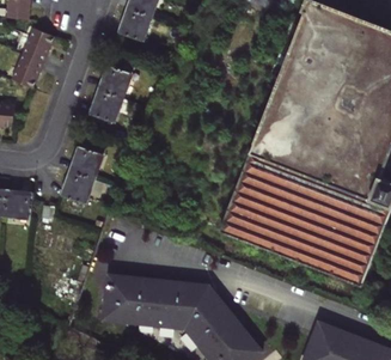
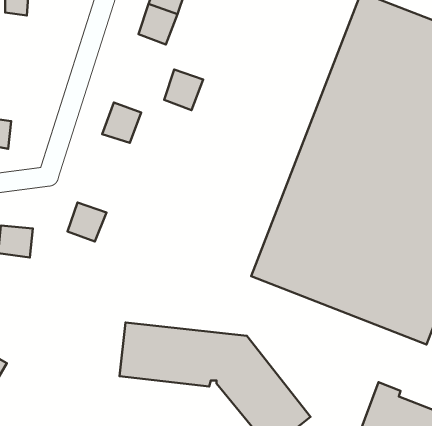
building: [11,29,54,90] -> none
building: [99,66,132,99] -> [164,69,203,110]
building: [69,148,102,182] -> none

